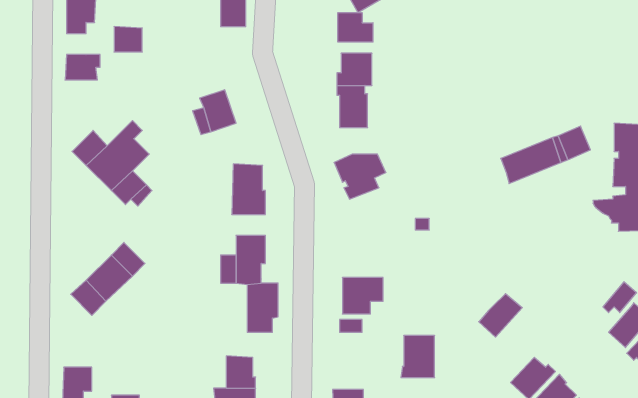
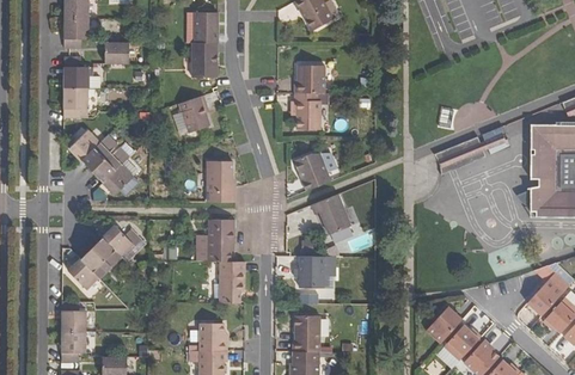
building: [338,13,373,42] -> none
building: none -> [192,42,218,76]
building: none -> [63,87,88,118]
building: none -> [312,193,351,233]
building: [479,294,522,337] -> [426,306,463,343]
building: none -> [62,301,86,332]
building: [401,336,435,378] -> [292,315,320,351]

